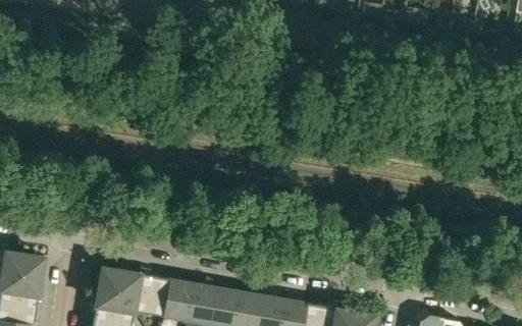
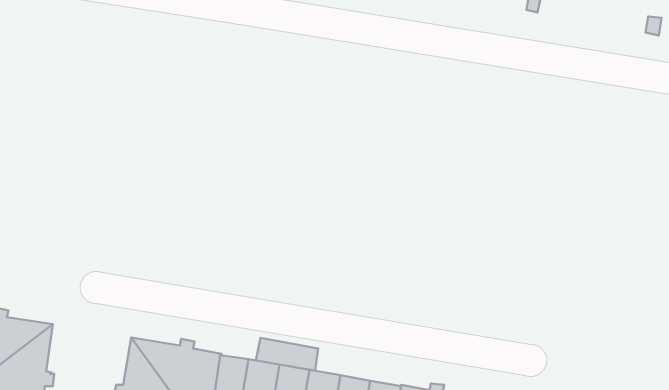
building: none -> [256,338,318,371]

